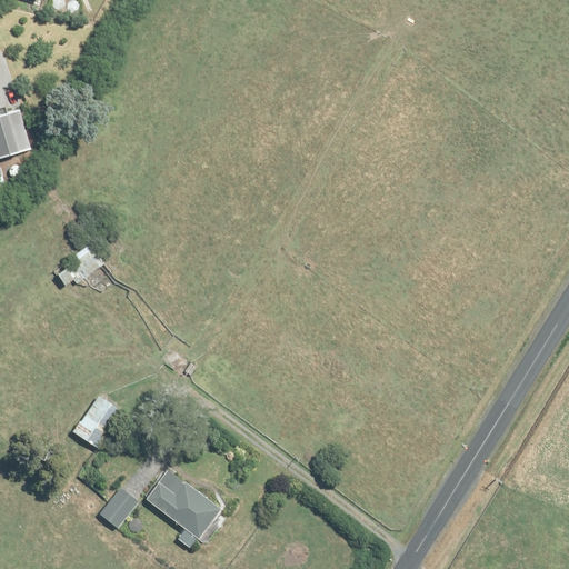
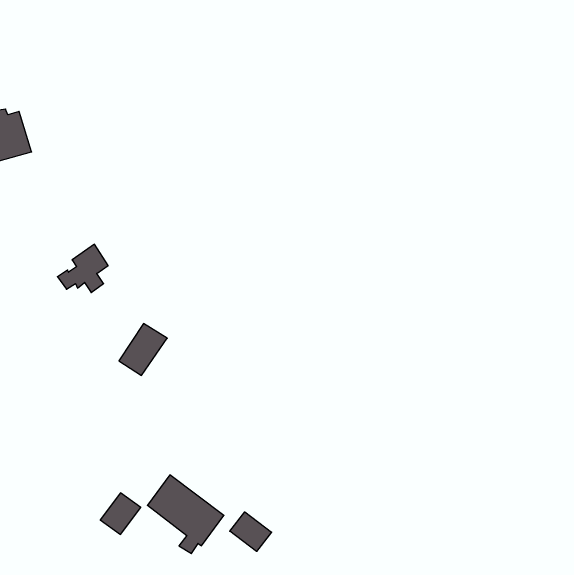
building: [74,395,122,446] -> [119,324,167,375]
building: none -> [230,512,272,551]

